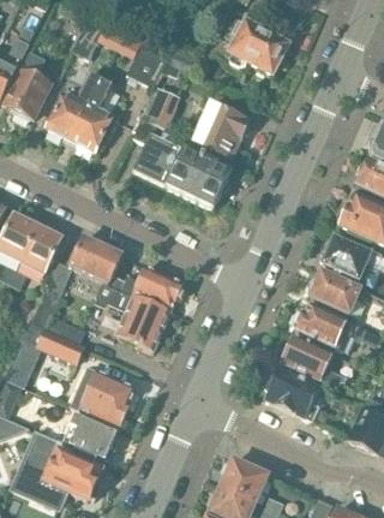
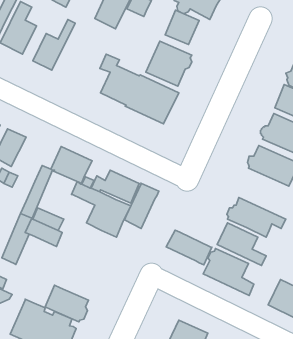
building: none -> [165,10,199,45]
building: [70,78,112,150] -> none
building: [139,84,179,127] -> none
building: [18,224,61,273] -> none
building: [307,268,366,315] -> none
building: none -> [124,183,159,229]
building: none -> [166,230,212,265]
building: [70,365,136,428] -> none

